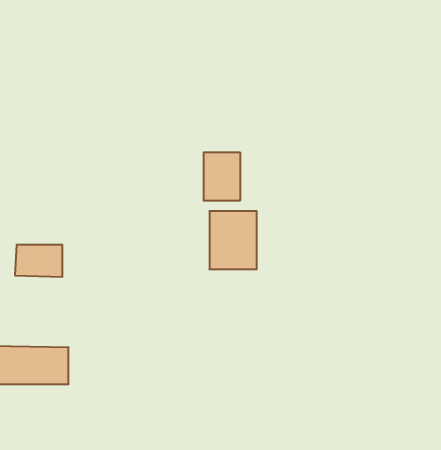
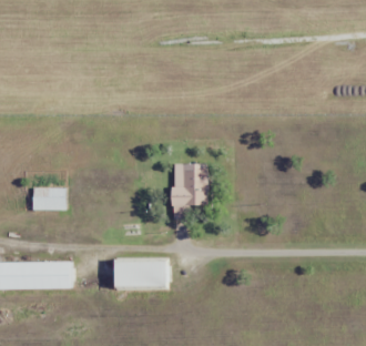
building: [204,152,240,201] -> none
building: none -> [114,260,167,287]

